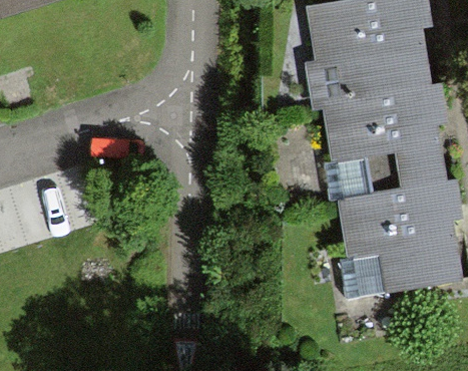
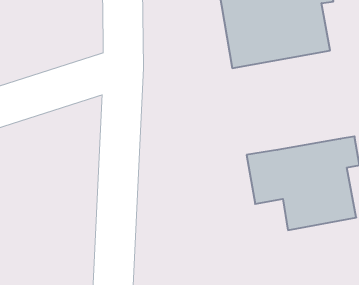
building: [315,77,454,199] -> none

